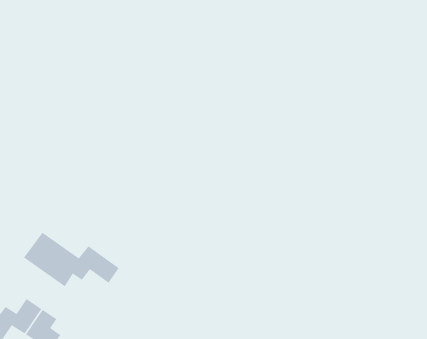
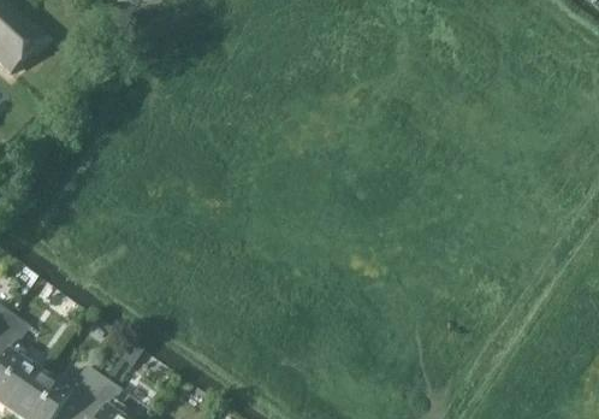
building: [23,232,120,287] -> none

